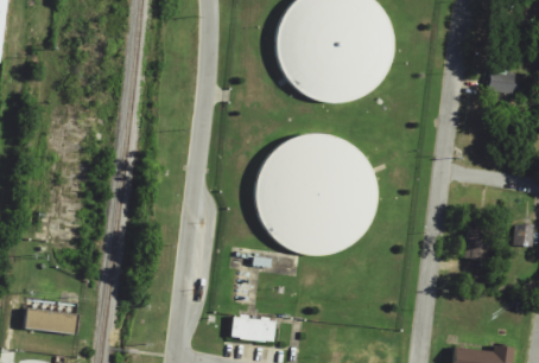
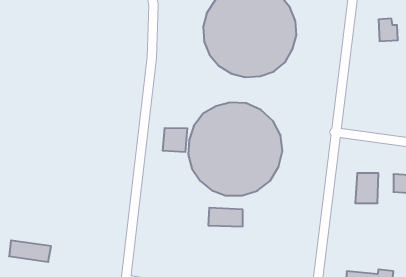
building: [490,65,515,94] -> [378,19,398,41]
building: none -> [163,128,187,152]
building: [232,318,275,342] -> [208,208,243,226]

